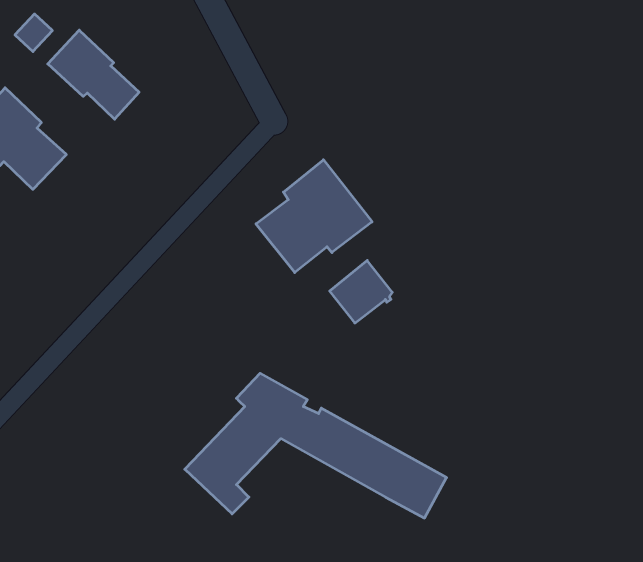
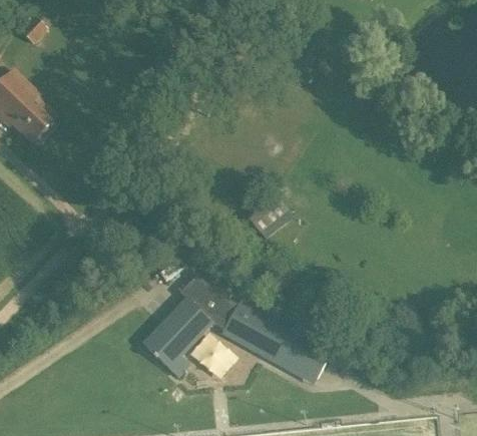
building: [48,30,139,119] -> none
building: [256,160,372,273] -> none

